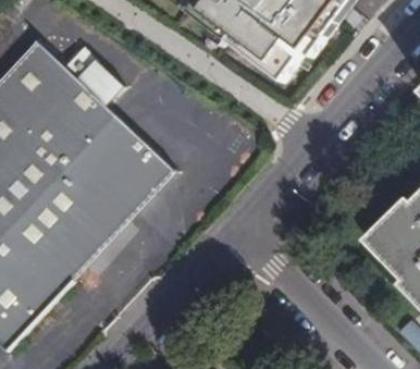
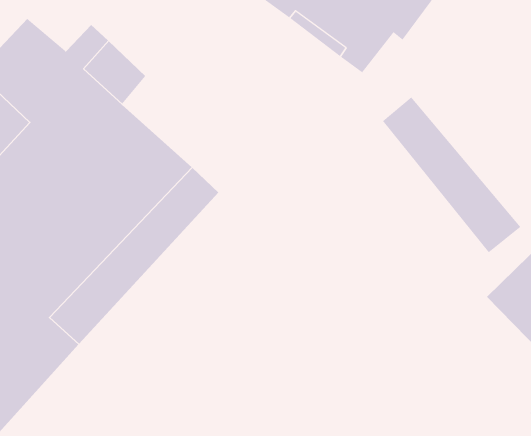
building: none -> [382,96,521,253]

